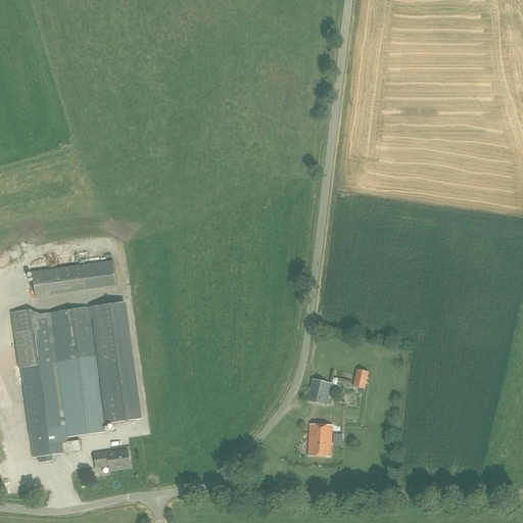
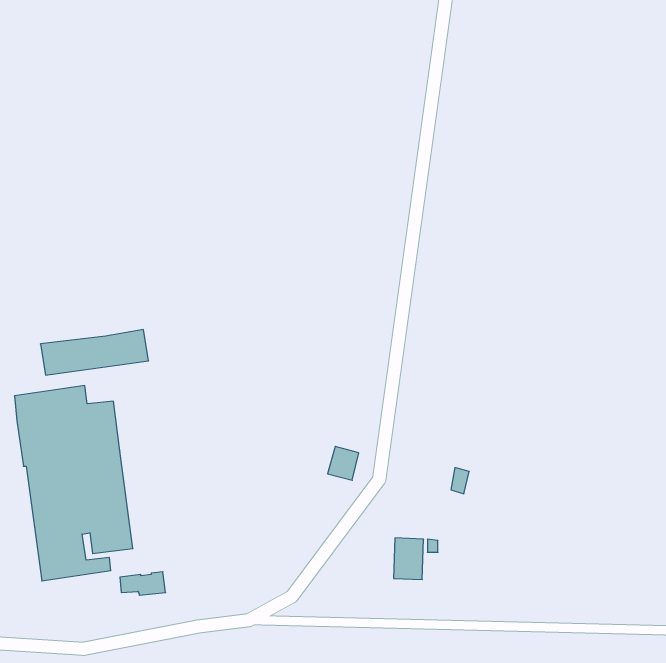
building: [90,300,136,422] -> none
building: [306,377,331,403] -> [328,446,359,480]

